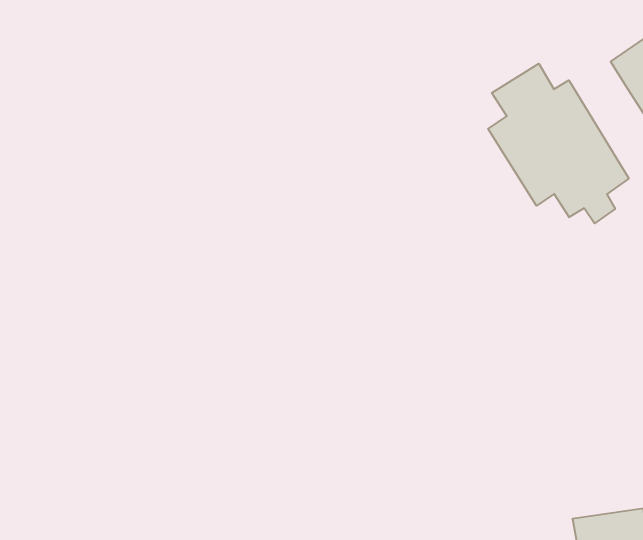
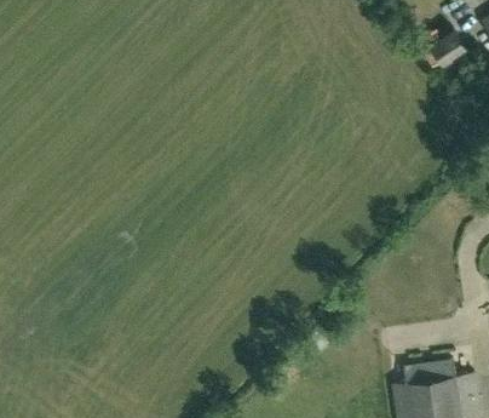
building: [488,64,629,223] -> none

